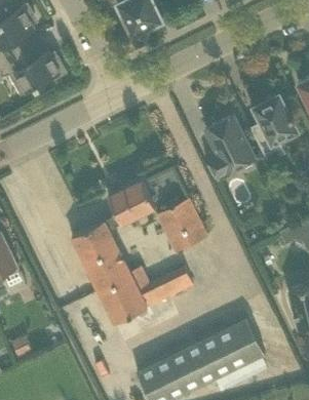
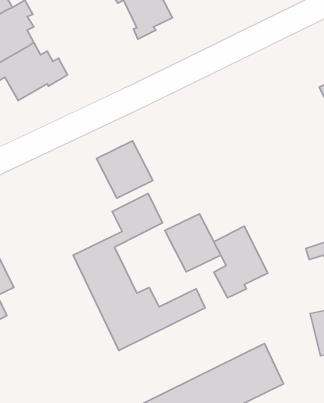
building: [250,92,297,161] -> none
building: [204,115,254,181] -> [214,226,268,298]
building: none -> [97,141,153,198]

